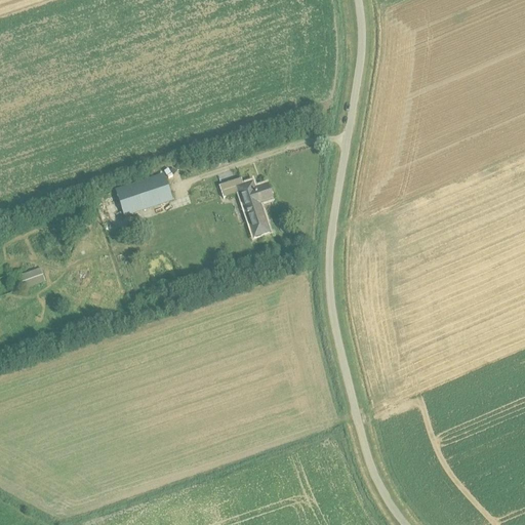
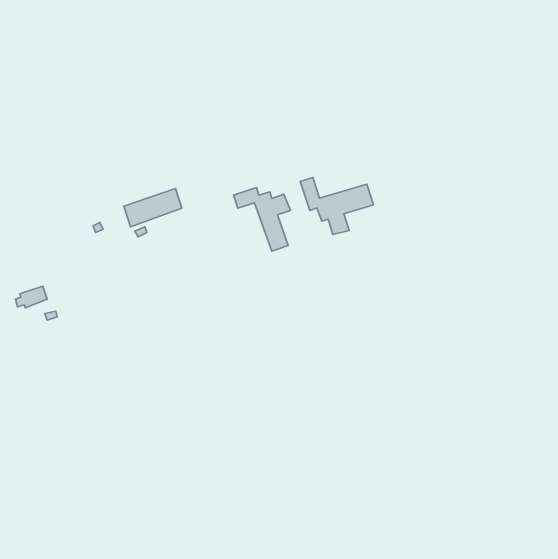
building: none -> [300,177,374,235]

